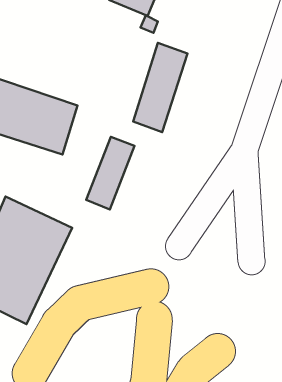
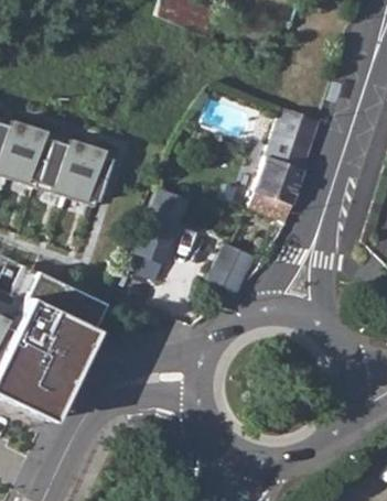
building: [133,43,188,132] -> [251,107,320,219]
building: none -> [209,241,257,293]

